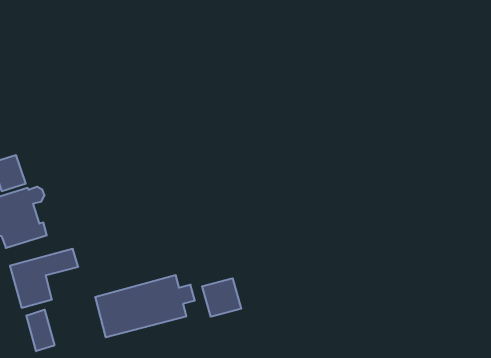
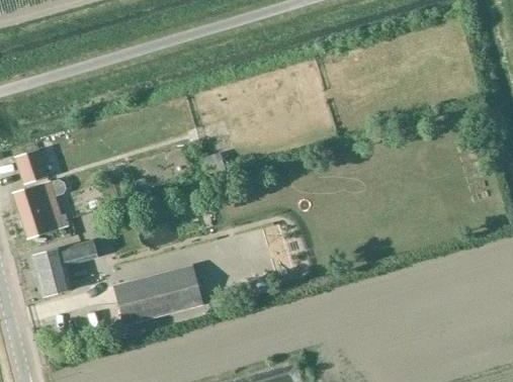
building: [202,278,241,317] -> none
building: [26,310,54,351] -> none

